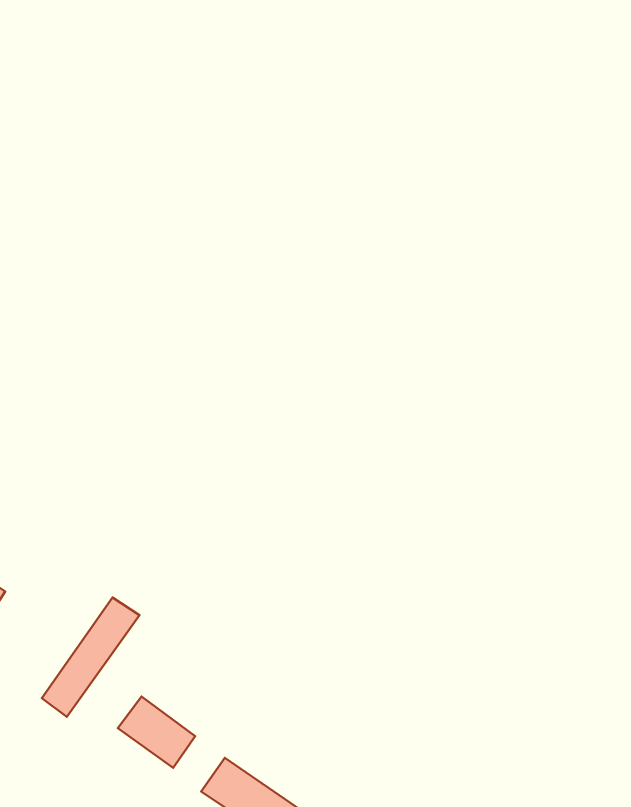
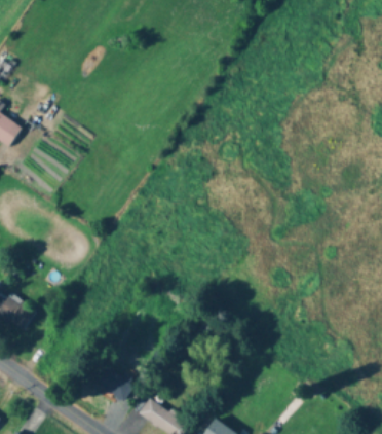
building: [42,598,140,717] -> none

